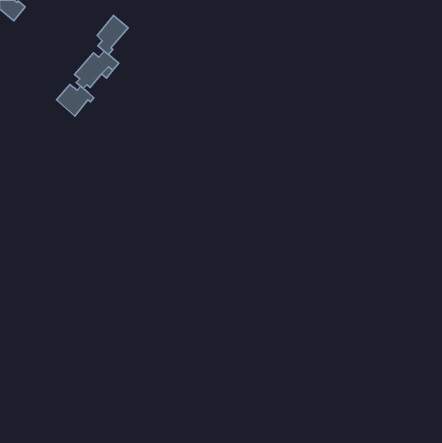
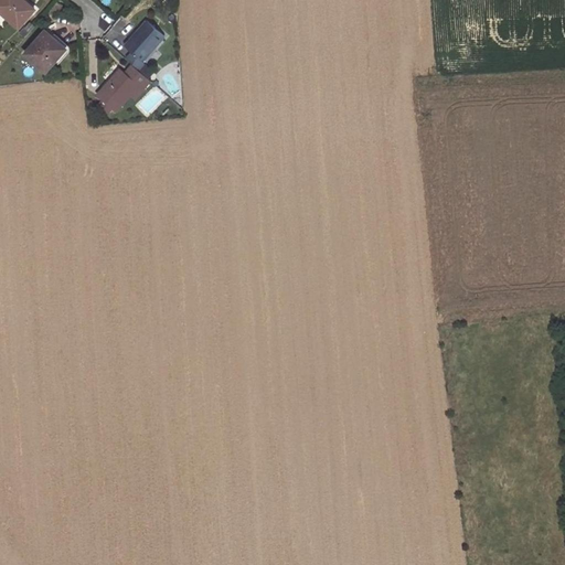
building: none -> [24,30,65,72]
building: [56,85,94,116] -> none

